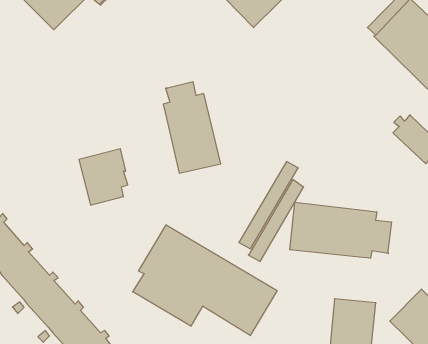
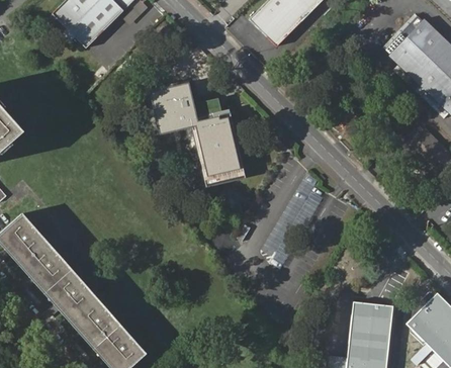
building: [79,149,128,205] -> [150,82,196,135]
building: [290,202,392,258] -> none
building: [133,225,277,336] -> none

